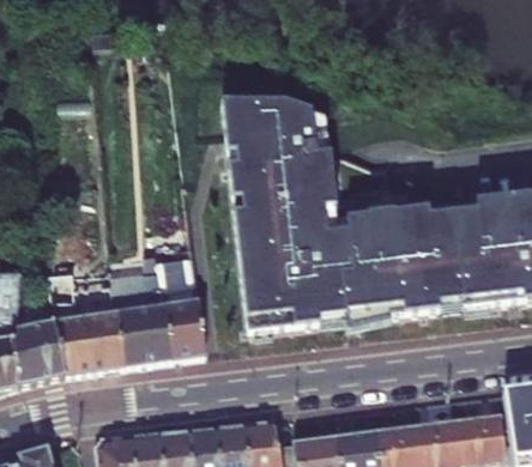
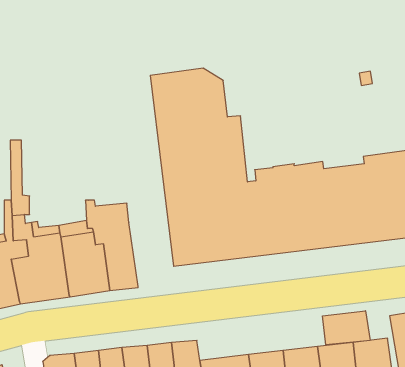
building: none -> [323,311,370,345]

